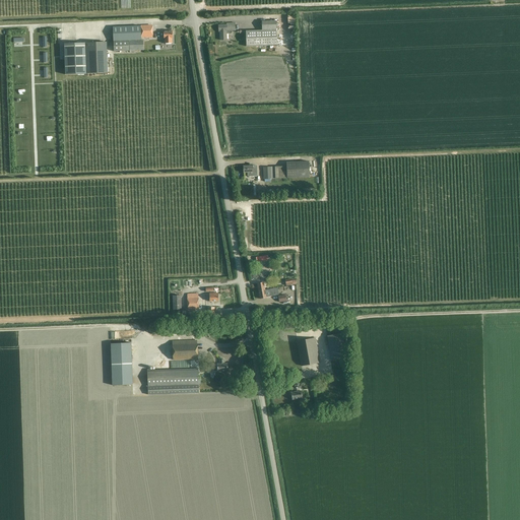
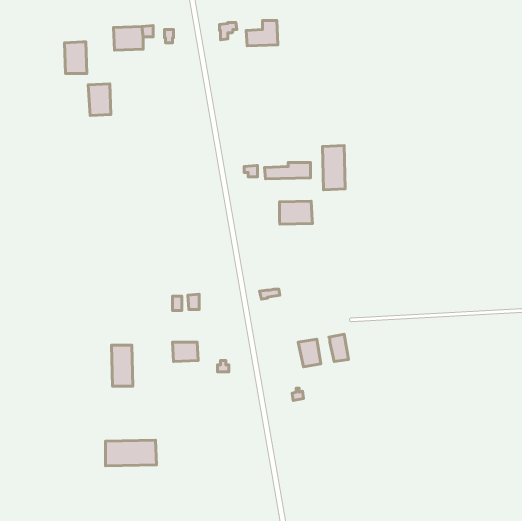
building: [85,43,108,74] -> [88,84,111,116]
building: none -> [322,145,345,190]
building: none -> [280,201,312,224]
building: [147,368,198,393] -> [105,440,156,466]

